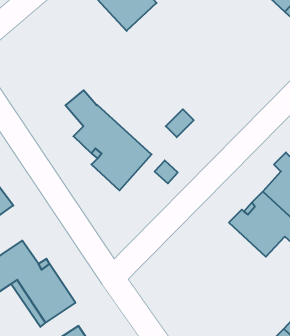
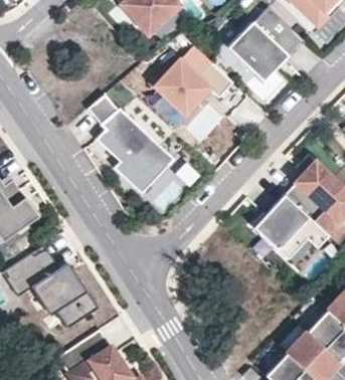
building: none -> [229,8,306,83]
building: none -> [156,60,233,113]

